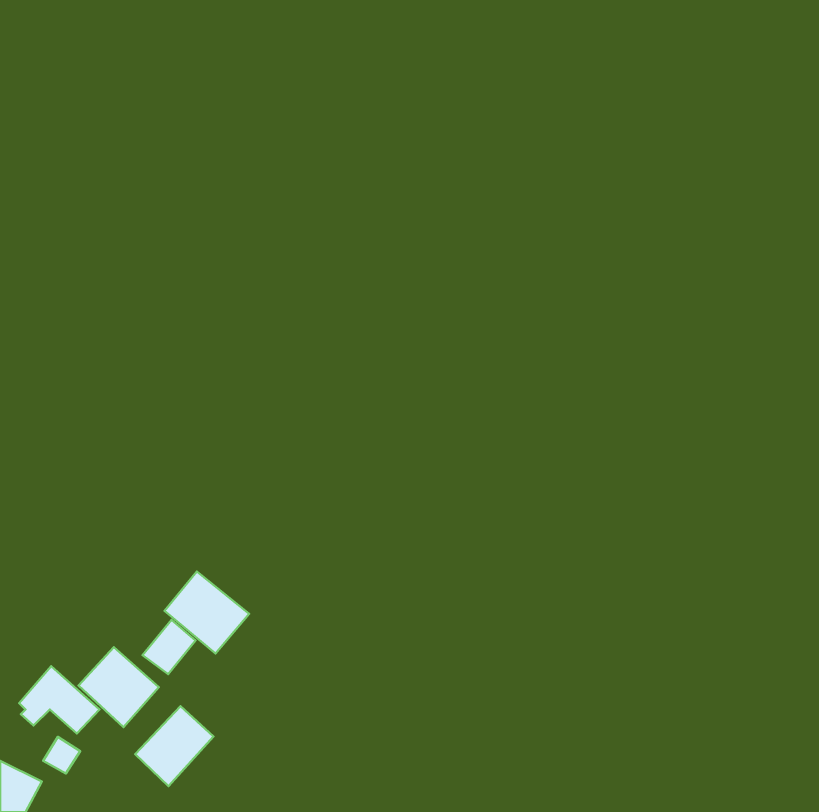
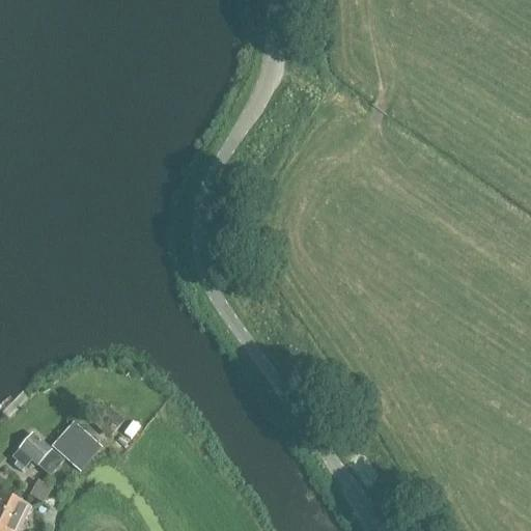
building: [165,572,249,653] -> none
building: [135,706,214,786] -> none

